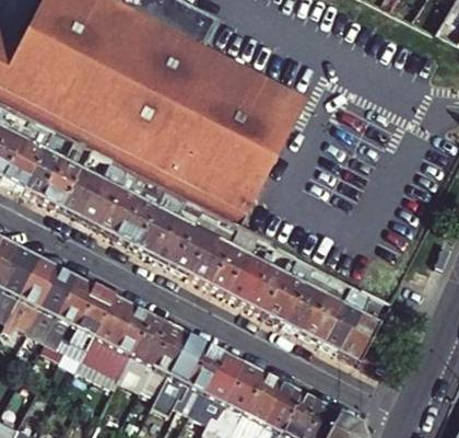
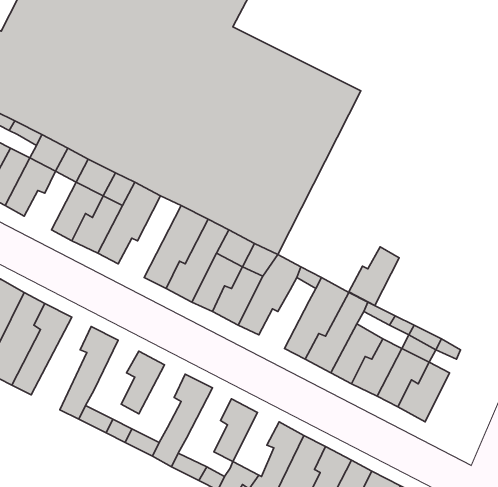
building: [37,160,79,207] -> none
building: [113,180,163,245] -> none
building: [225,255,266,302] -> [349,247,399,306]
building: [43,277,91,351] -> none
building: [93,296,129,347] -> none
building: [129,315,166,366] -> none
building: [167,334,203,385] -> none
building: [204,354,242,405] -> none

